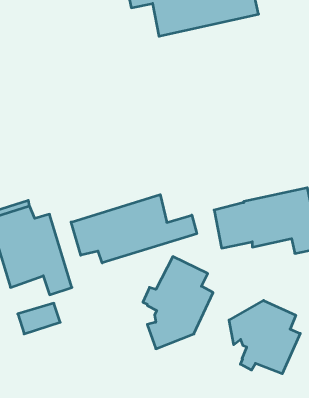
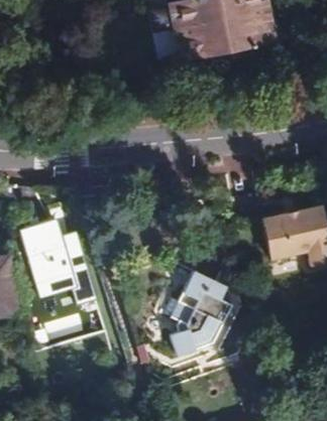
building: [71,195,197,263] -> none
building: [229,300,300,374] -> none

